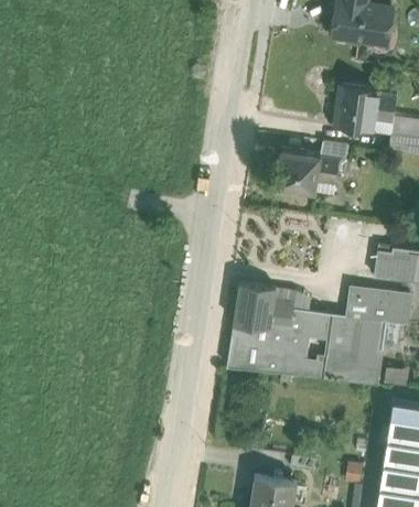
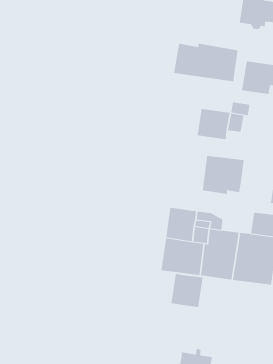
building: none -> [174,43,238,82]
building: none -> [202,155,244,195]
building: none -> [171,273,203,308]

